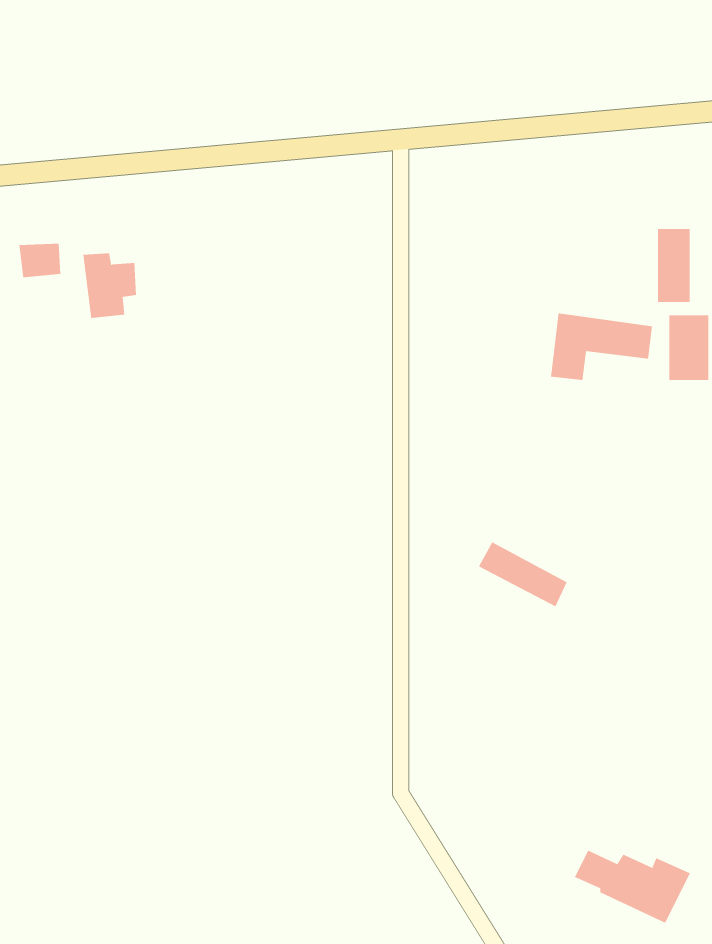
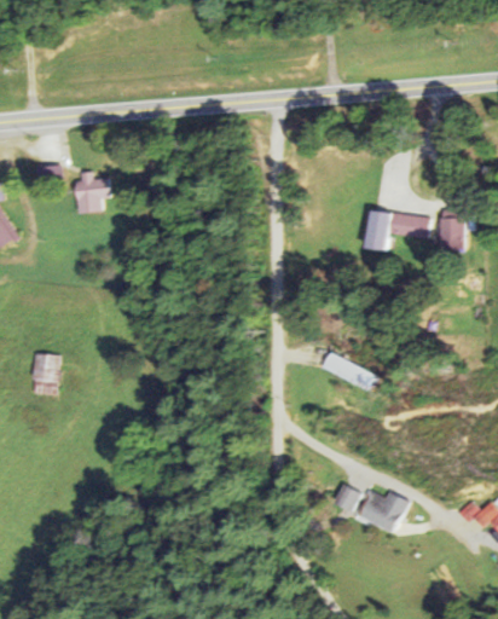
building: [657,228,690,303] -> none
building: none -> [33,354,58,394]
building: [574,850,691,924] -> [337,487,410,533]

